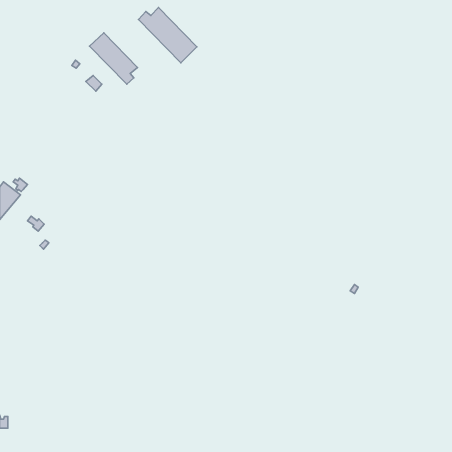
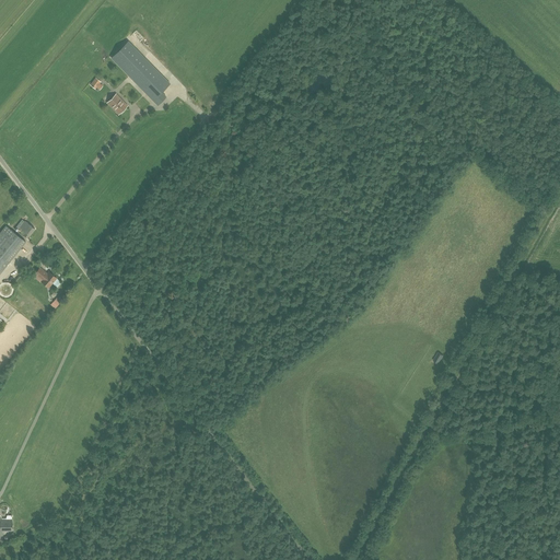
building: [138,7,197,63] -> none

